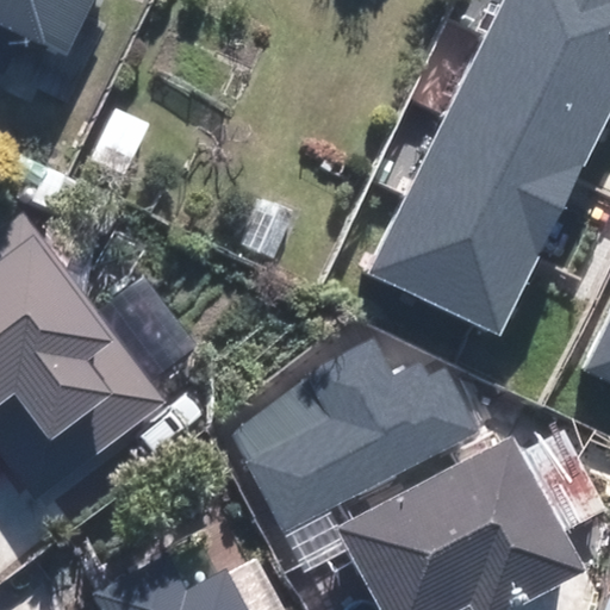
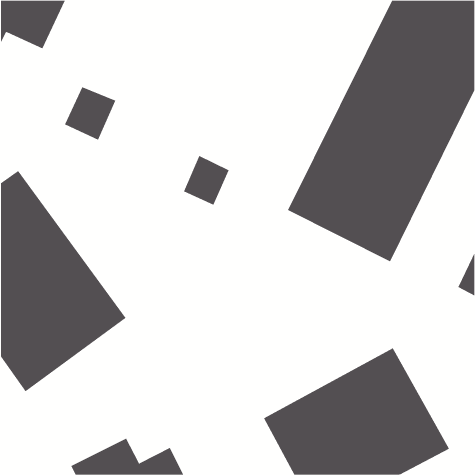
building: [228,343,479,534] -> none

